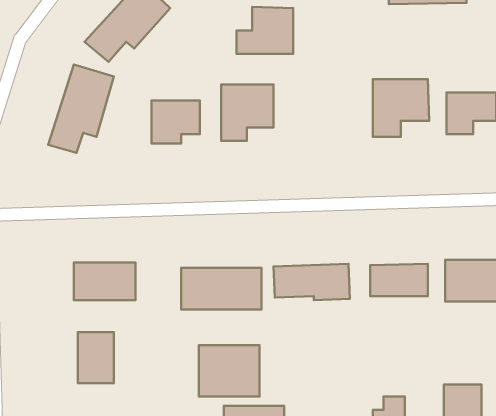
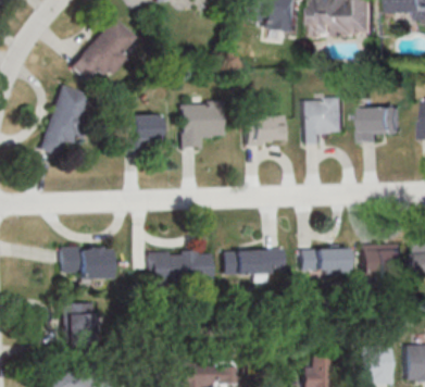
building: [236,7,293,54] -> none
building: none -> [246,116,285,145]
building: [199,345,259,397] -> none

